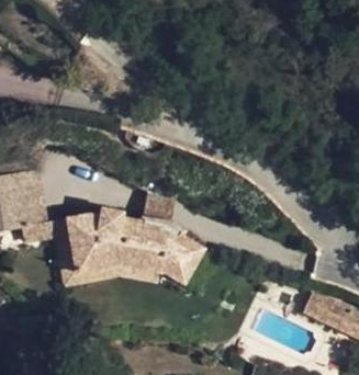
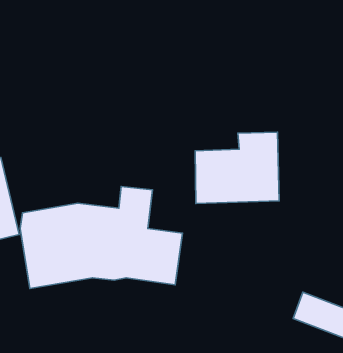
building: none -> [195,132,279,203]

